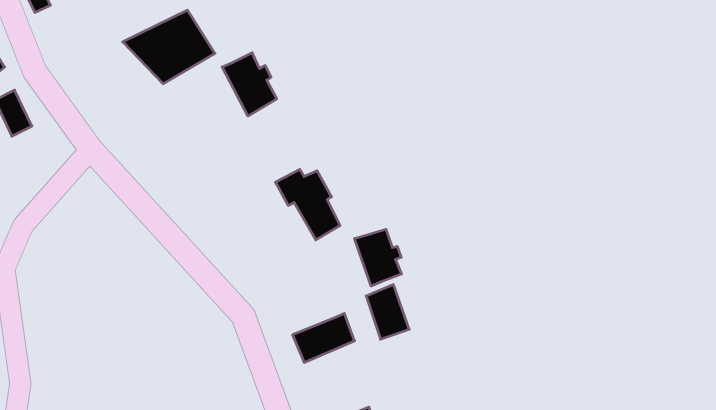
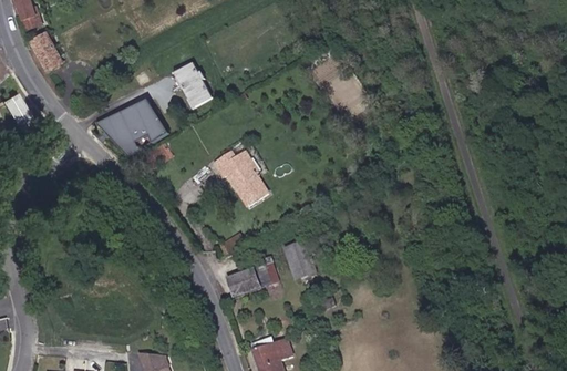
building: [123,10,215,84] -> [92,97,163,154]
building: none -> [34,37,64,72]
building: [355,229,402,286] -> none

